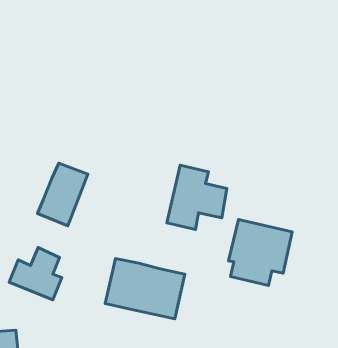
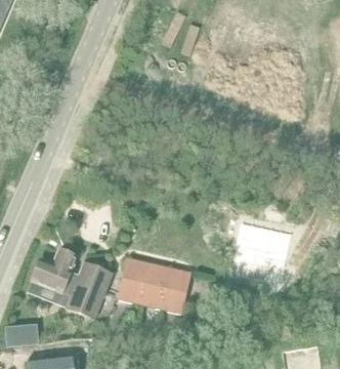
building: [38,163,88,226] -> [65,261,111,319]
building: [167,165,227,230] -> none

